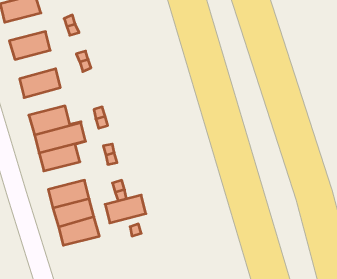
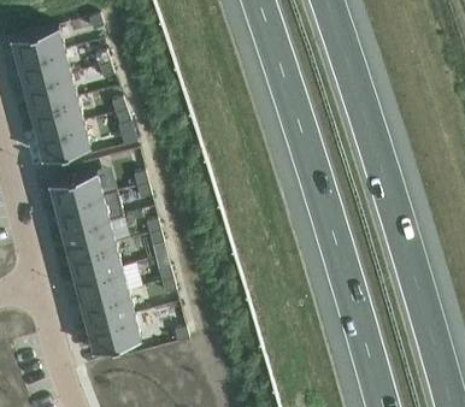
building: none -> [17,51,70,87]
building: none -> [30,99,83,136]
building: [105,195,146,223] -> [67,243,120,279]

